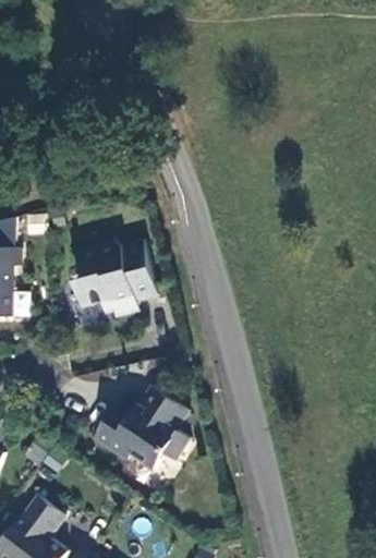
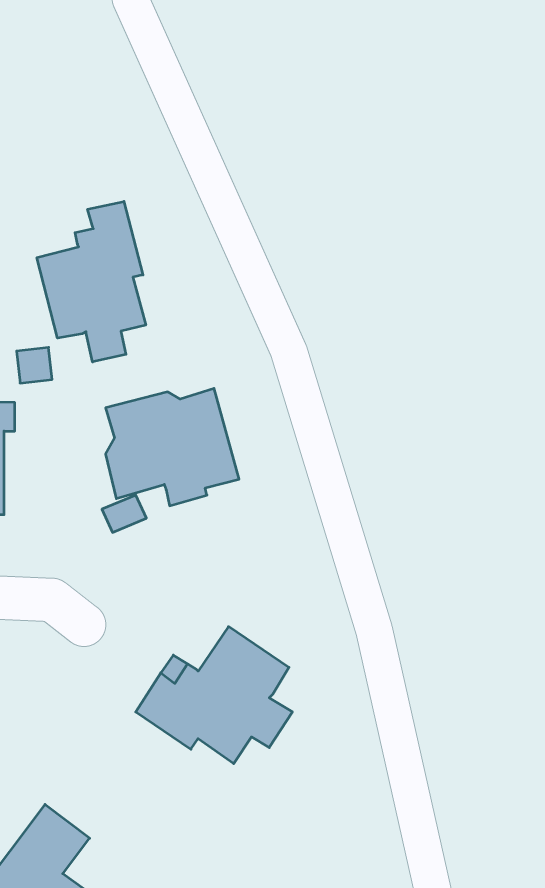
building: none -> [37,201,146,362]

